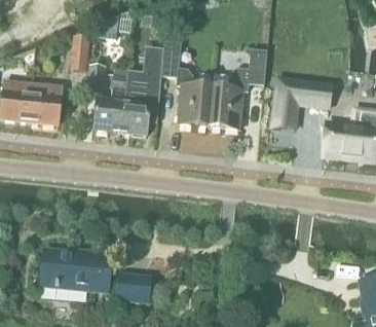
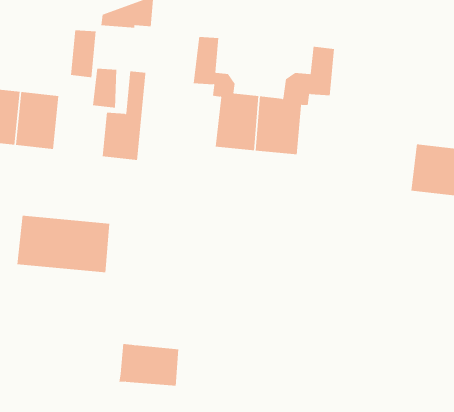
building: [120,45,164,135] -> none
building: [272,77,331,129] -> none
building: [40,249,110,292] -> [16,215,110,273]

